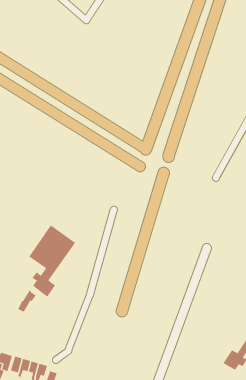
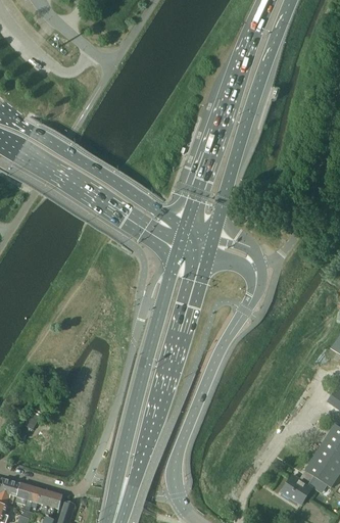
building: [29,225,76,297] -> none

